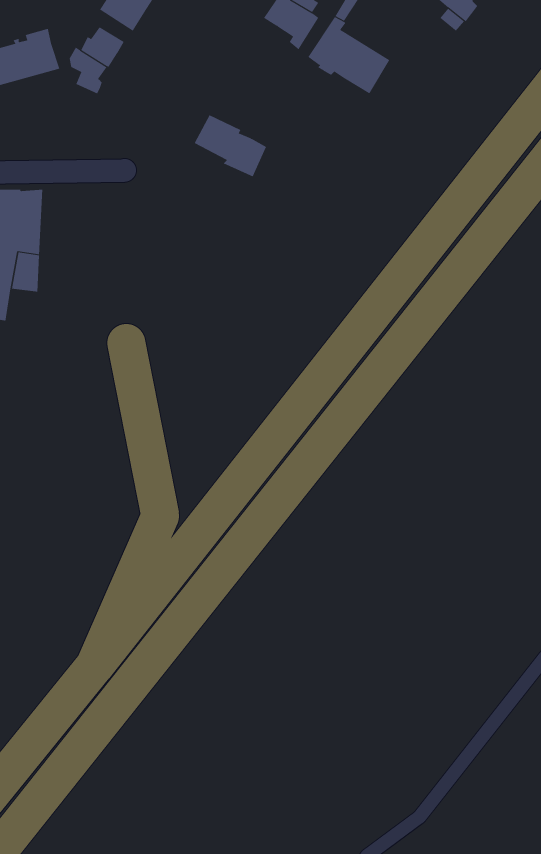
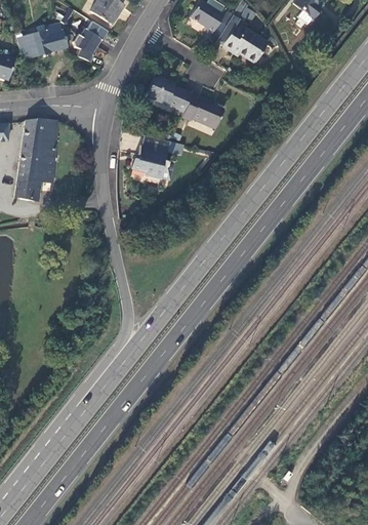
building: none -> [181,94,223,130]
building: none -> [129,134,169,178]

